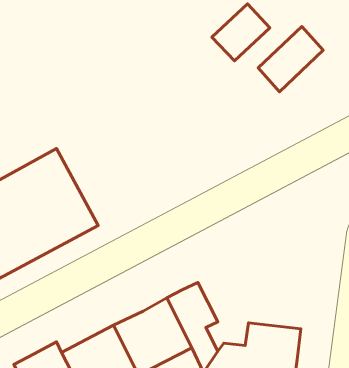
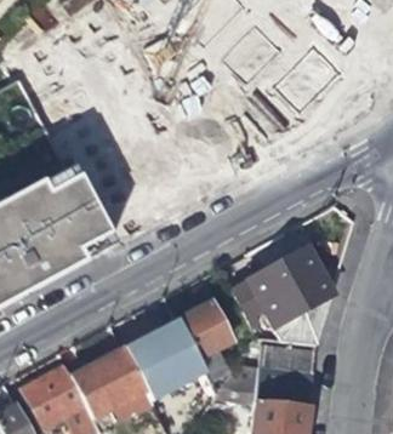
building: none -> [233,247,324,347]

